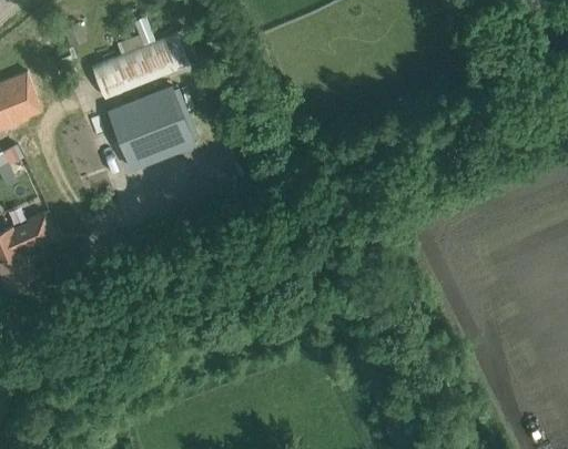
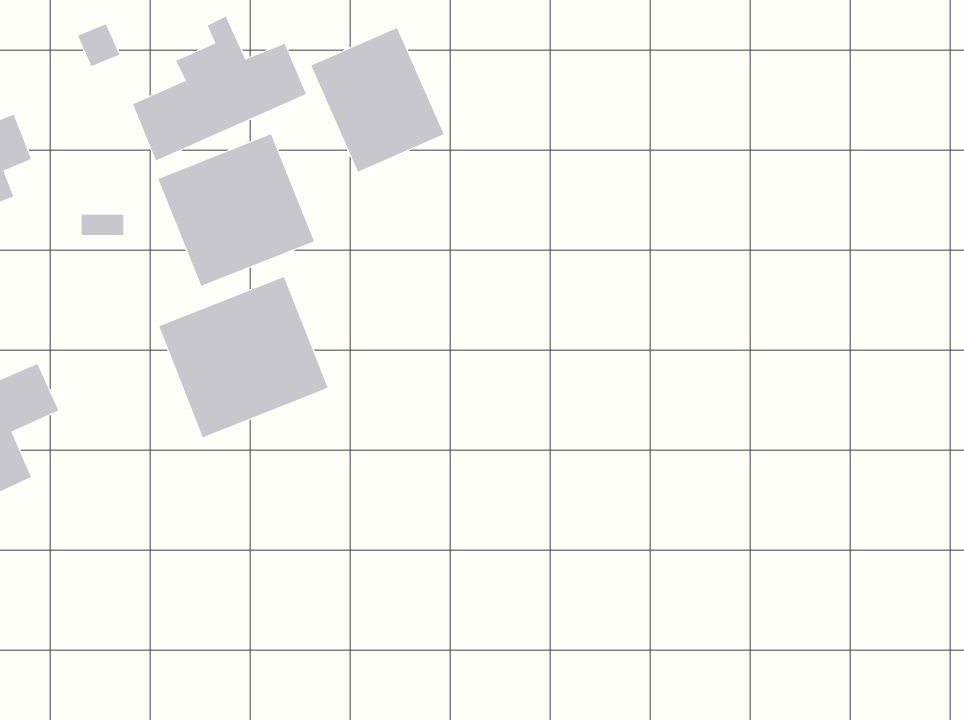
building: none -> [310,27,445,172]
building: none -> [159,276,328,438]

